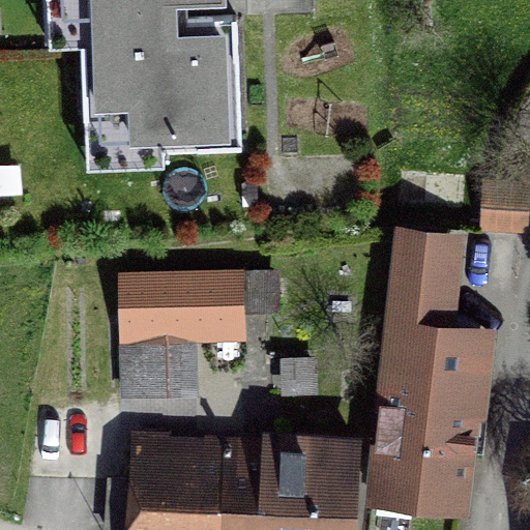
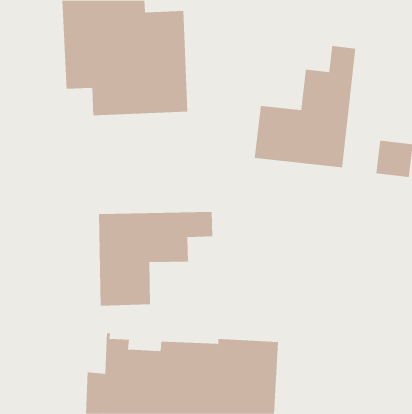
building: none -> [254,45,356,168]
building: [376,232,482,503] -> none

